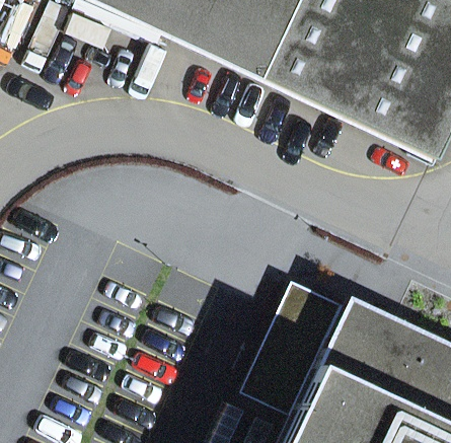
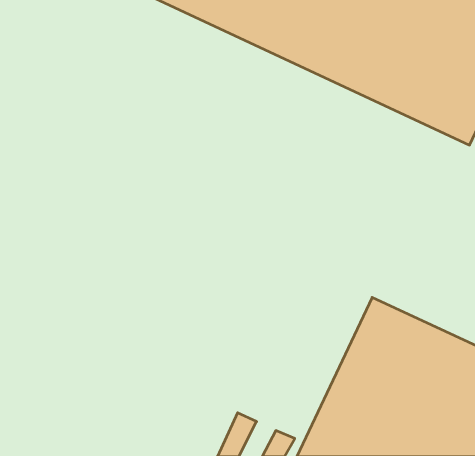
building: [242,282,343,416] -> none

